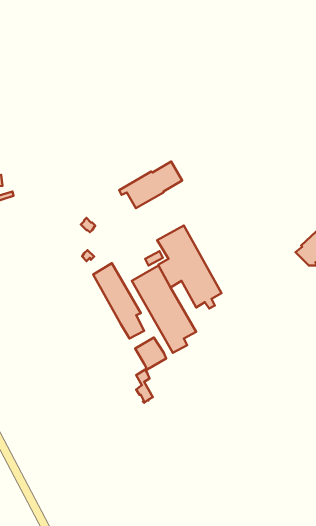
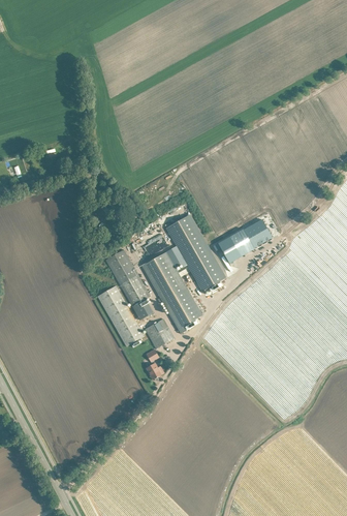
building: [119,162,182,208] -> [213,219,272,263]
building: none -> [97,285,144,345]

